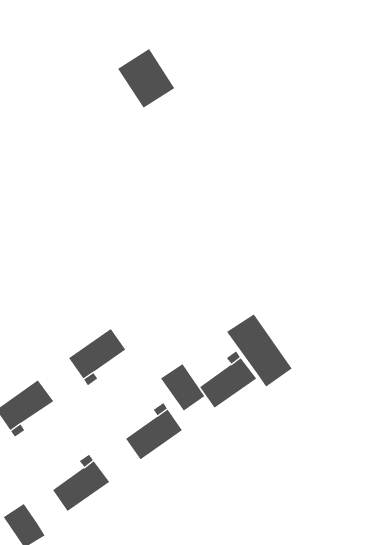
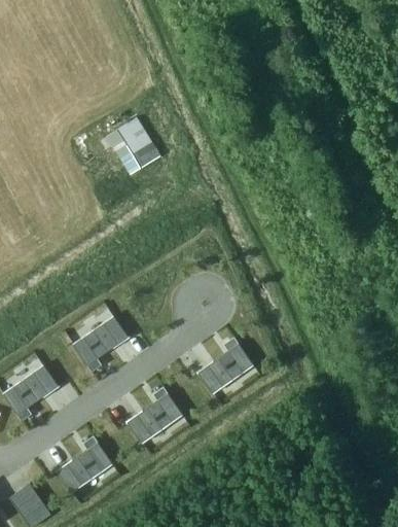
building: [117,48,175,108] -> [105,117,160,175]
building: [226,314,293,387] -> none
building: [160,363,205,411] -> none

